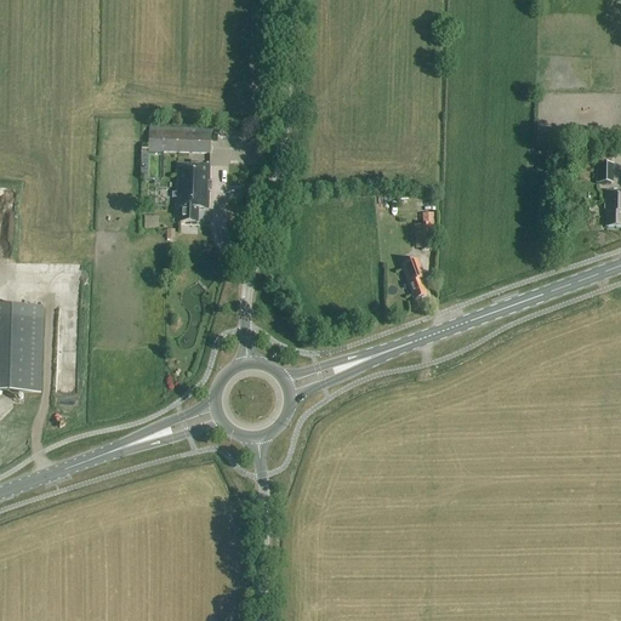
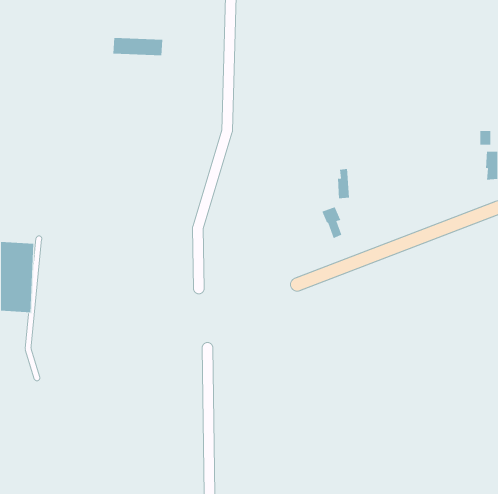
building: [148,127,211,150] -> [113,37,163,56]
building: [176,163,209,221] -> none

